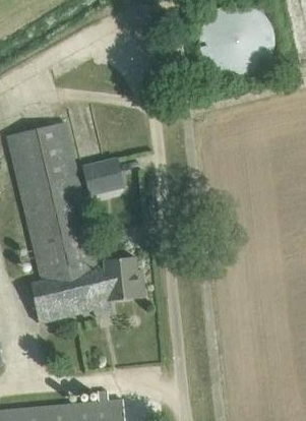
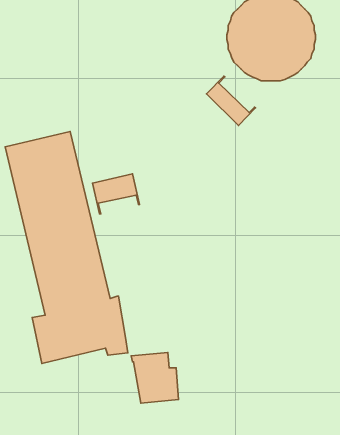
building: none -> [207,76,256,125]
building: [104,257,144,301] -> [131,352,178,403]

